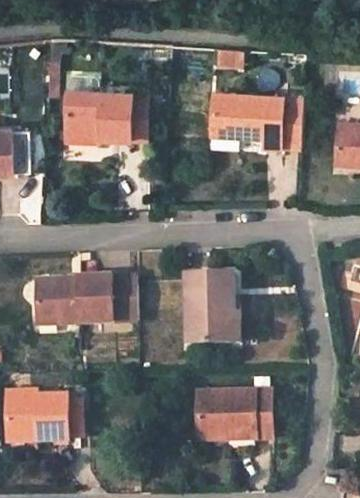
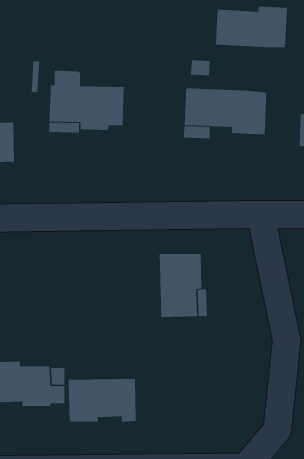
building: none -> [216,6,288,48]
building: [32,275,134,322] -> none
building: [196,391,270,438] -> [68,379,137,422]

